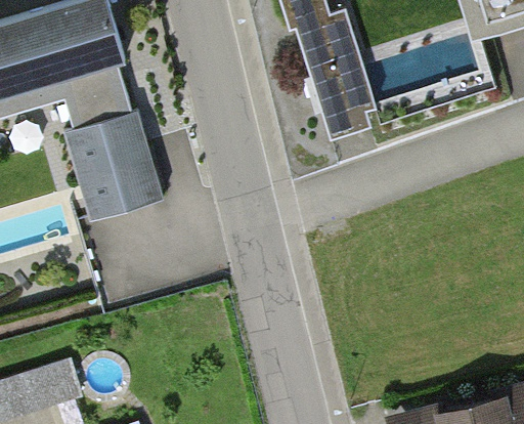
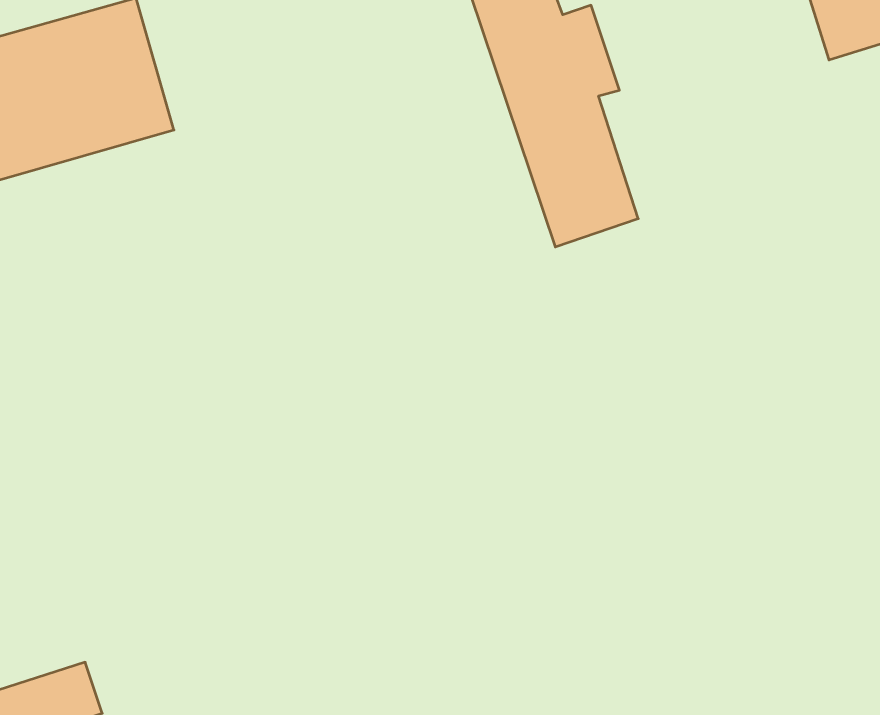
building: [64,105,161,214] -> none

